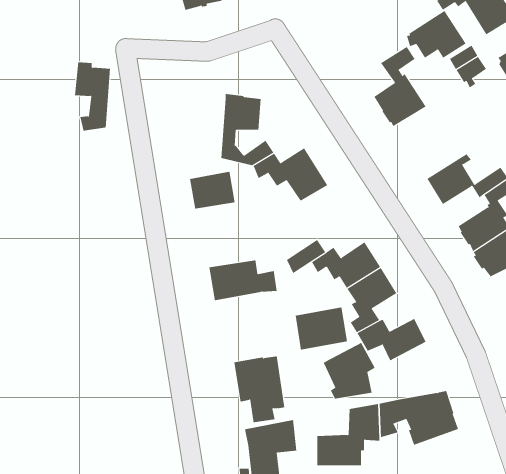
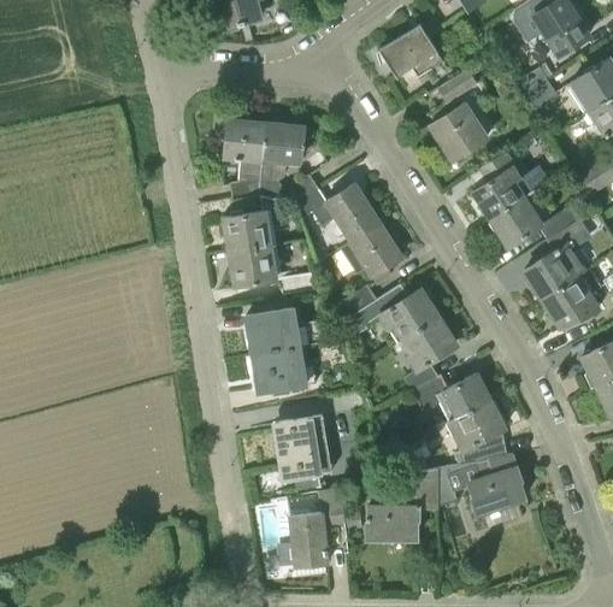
building: [406,10,466,59] -> [376,24,443,78]
building: [74,62,111,131] -> [223,122,264,199]
building: none -> [472,153,531,218]
building: none -> [340,225,401,284]
building: none -> [230,244,314,295]
building: [295,307,348,350] -> [252,344,311,393]
building: [323,342,376,399] -> [446,400,505,464]

